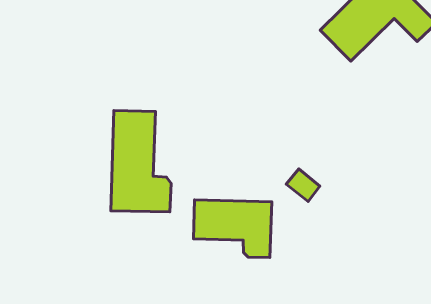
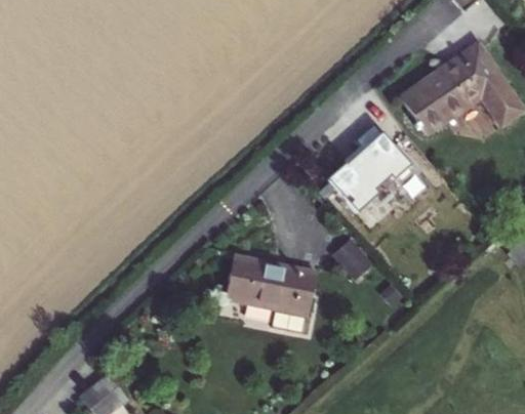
building: none -> [327,125,416,214]
building: [111,110,171,212] -> none

